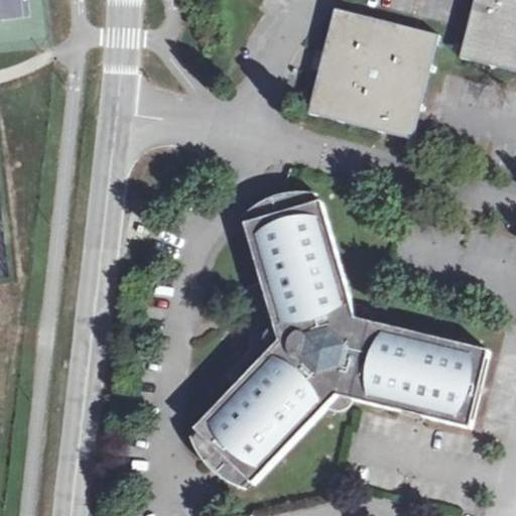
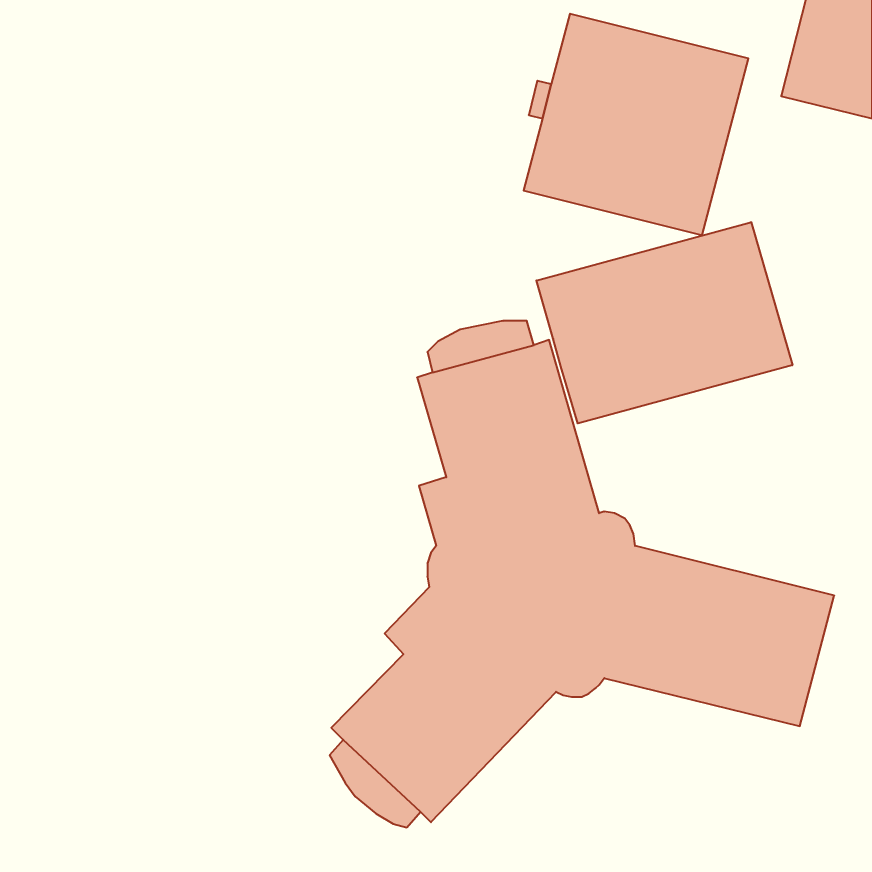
building: none -> [536,222,792,423]

